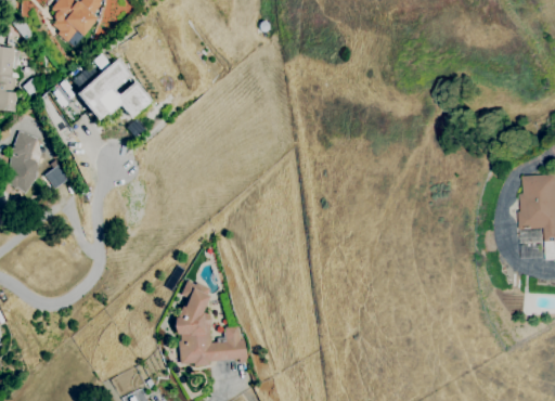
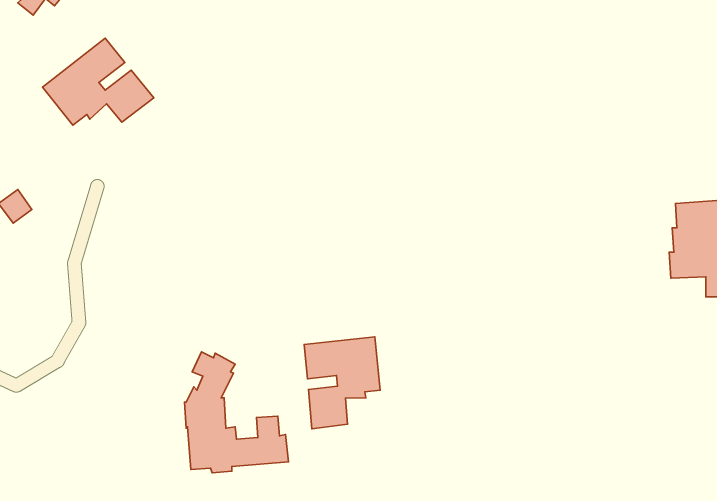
building: none -> [304,337,380,429]

